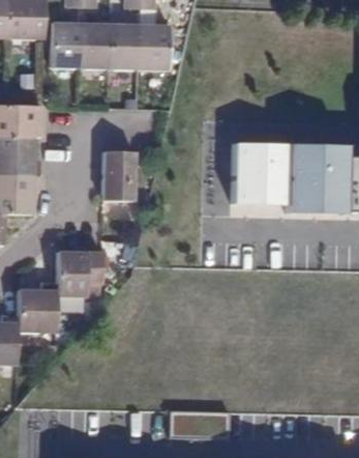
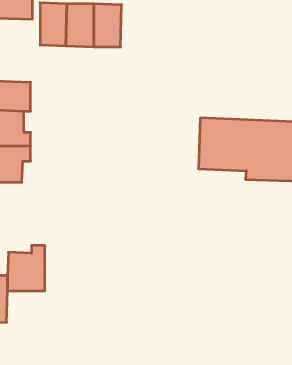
building: [140,23,171,68] -> none
building: [104,151,137,201] -> none
building: [58,252,102,295] -> none

